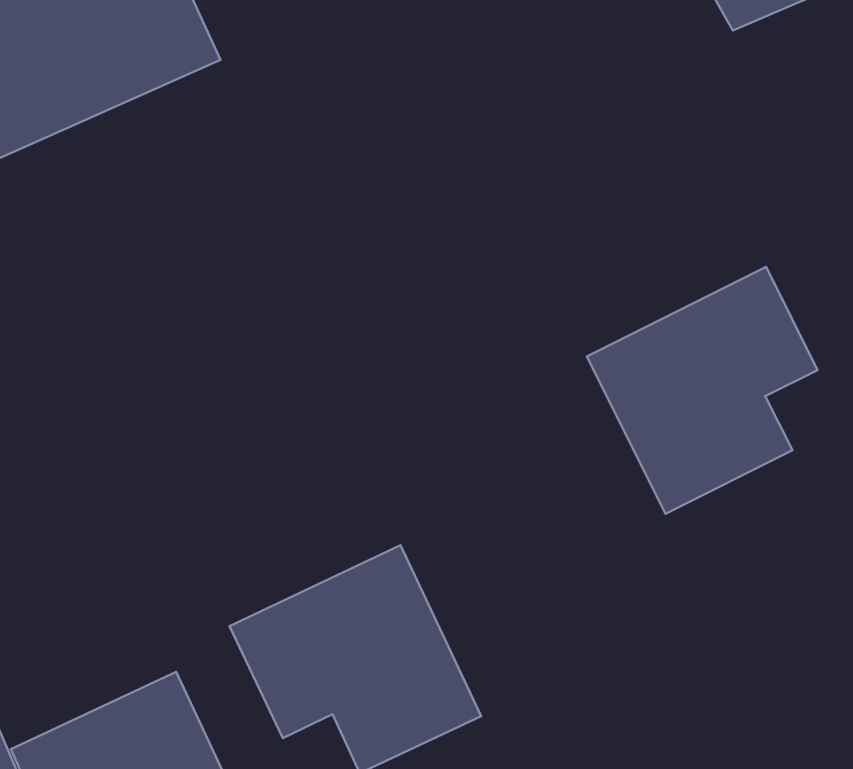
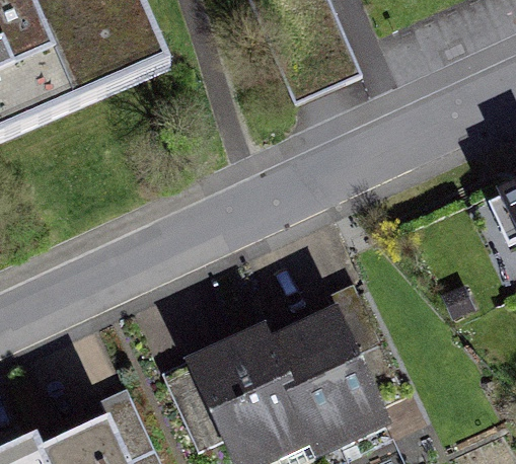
building: [587,267,818,514] -> none
building: none -> [264,298,398,437]

